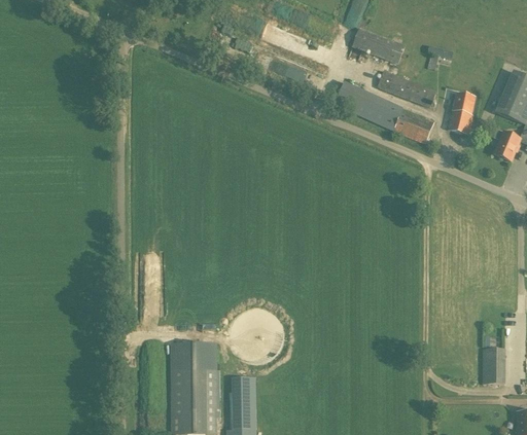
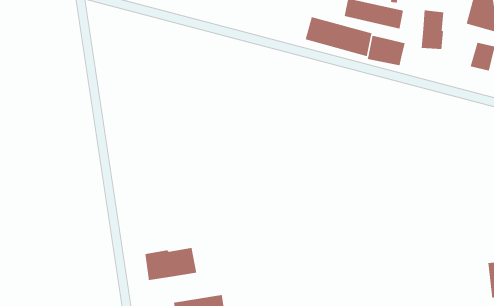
building: none -> [145,247,197,281]

